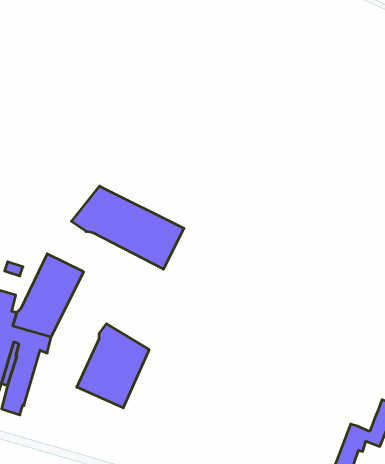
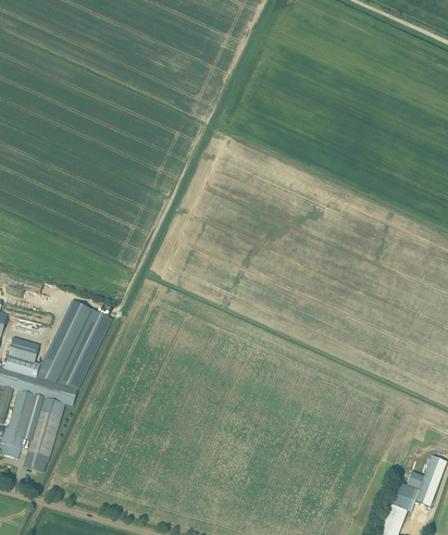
building: [71,186,184,269] -> none
building: [77,324,149,408] -> none

